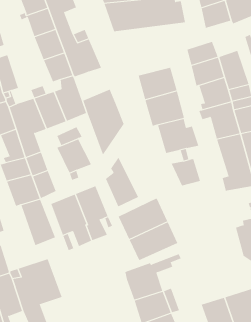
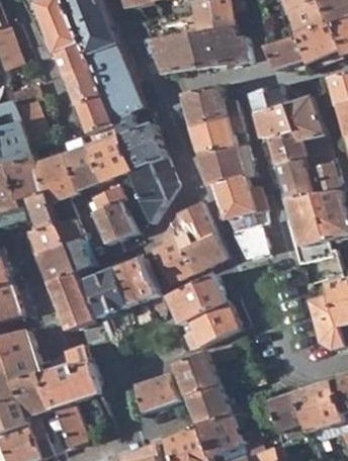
building: none -> [182,85,239,125]
building: none -> [114,121,158,156]
building: none -> [168,201,225,272]
building: none -> [136,374,179,410]

